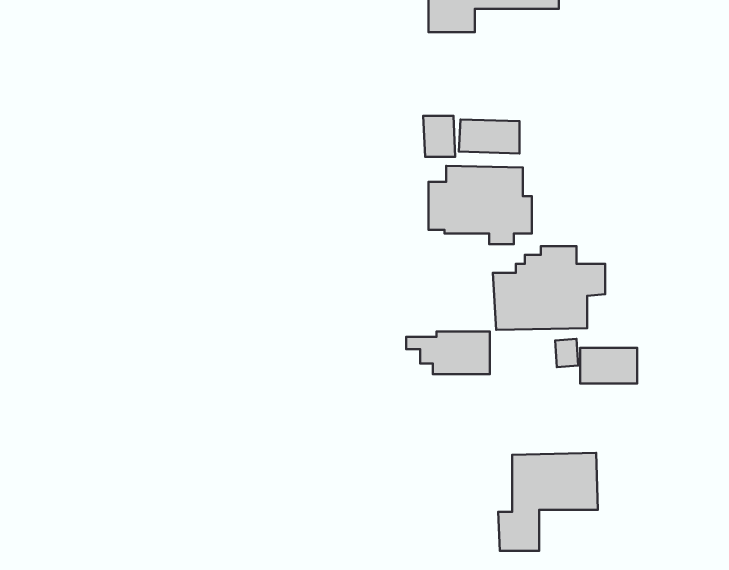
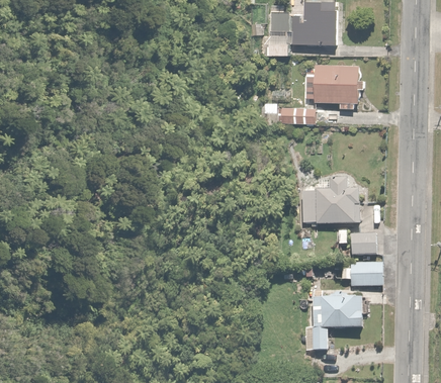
building: [428,166,532,244] -> [305,63,364,107]
building: [406,331,490,374] -> [335,261,382,285]

